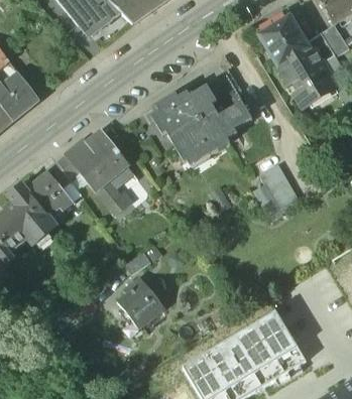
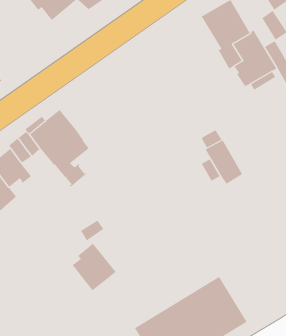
building: [151,74,250,161] -> none

